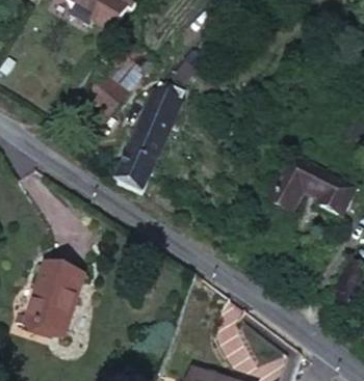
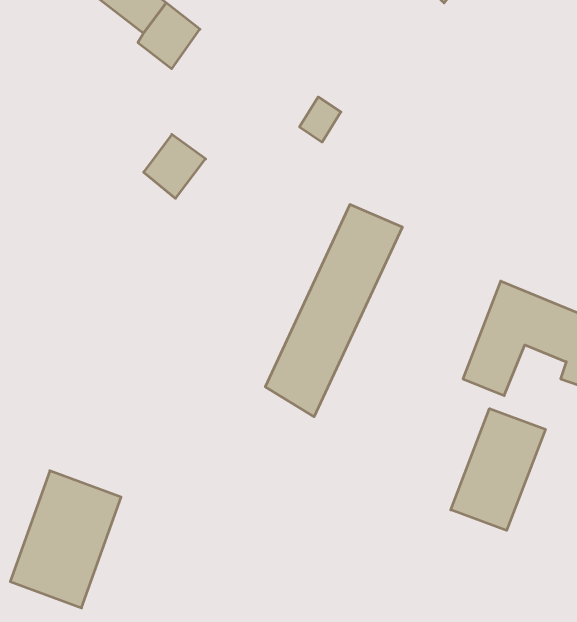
building: [114,78,190,195] -> [265,205,402,417]
building: none -> [451,409,545,530]

